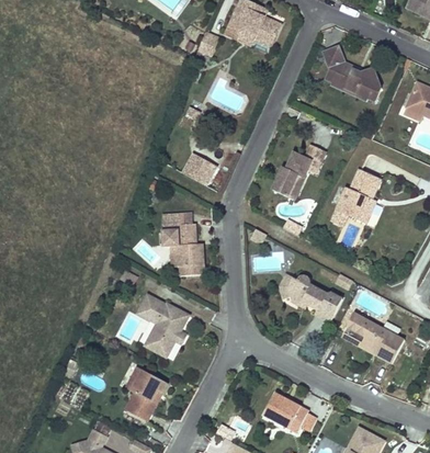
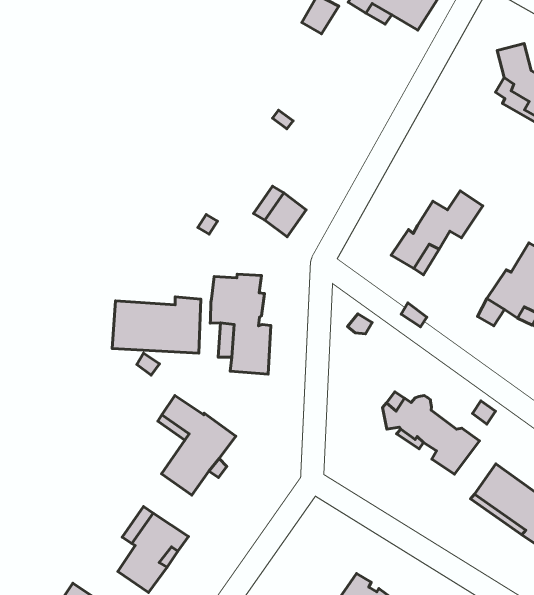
building: none -> [112,297,201,353]

